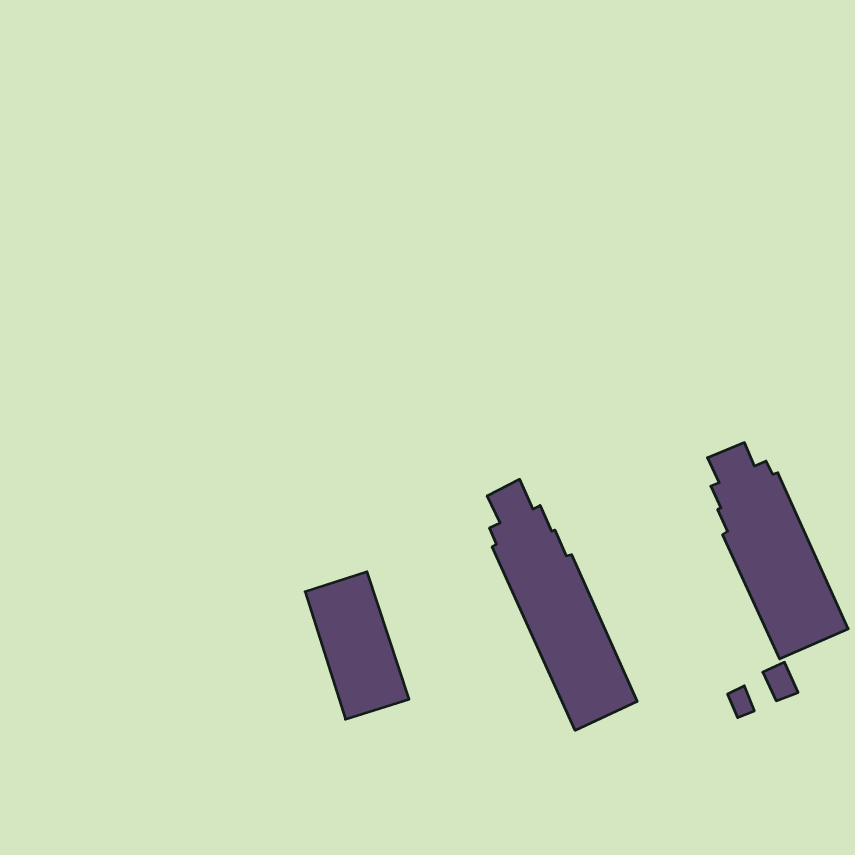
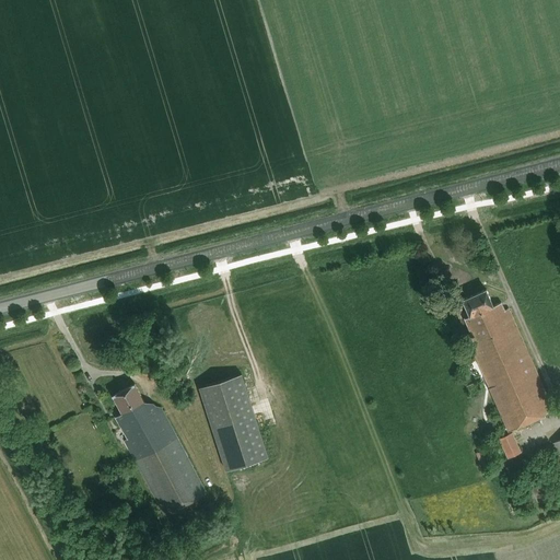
building: [487,479,637,730] -> none
building: none -> [113,385,207,516]

